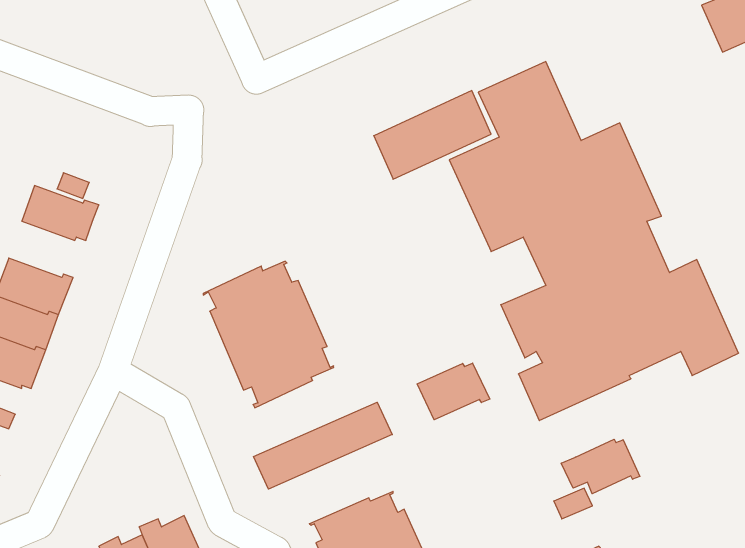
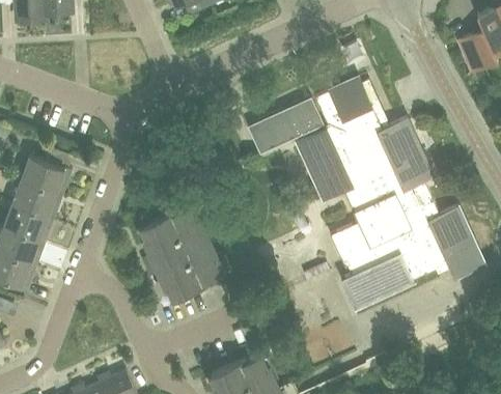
building: none -> [12,180,62,217]
building: [417,363,490,420] -> none
building: [253,402,392,489] -> none
building: [561,439,640,494] -> none

